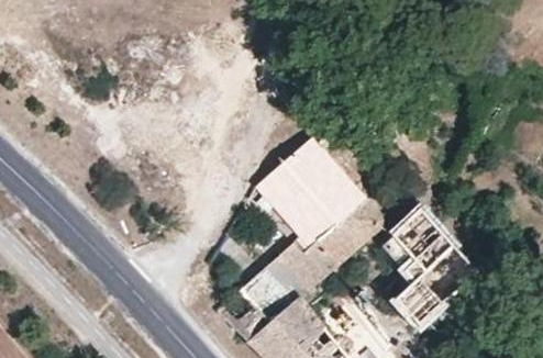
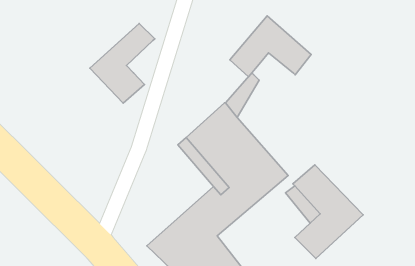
building: none -> [230,16,311,77]
building: none -> [90,24,155,103]

